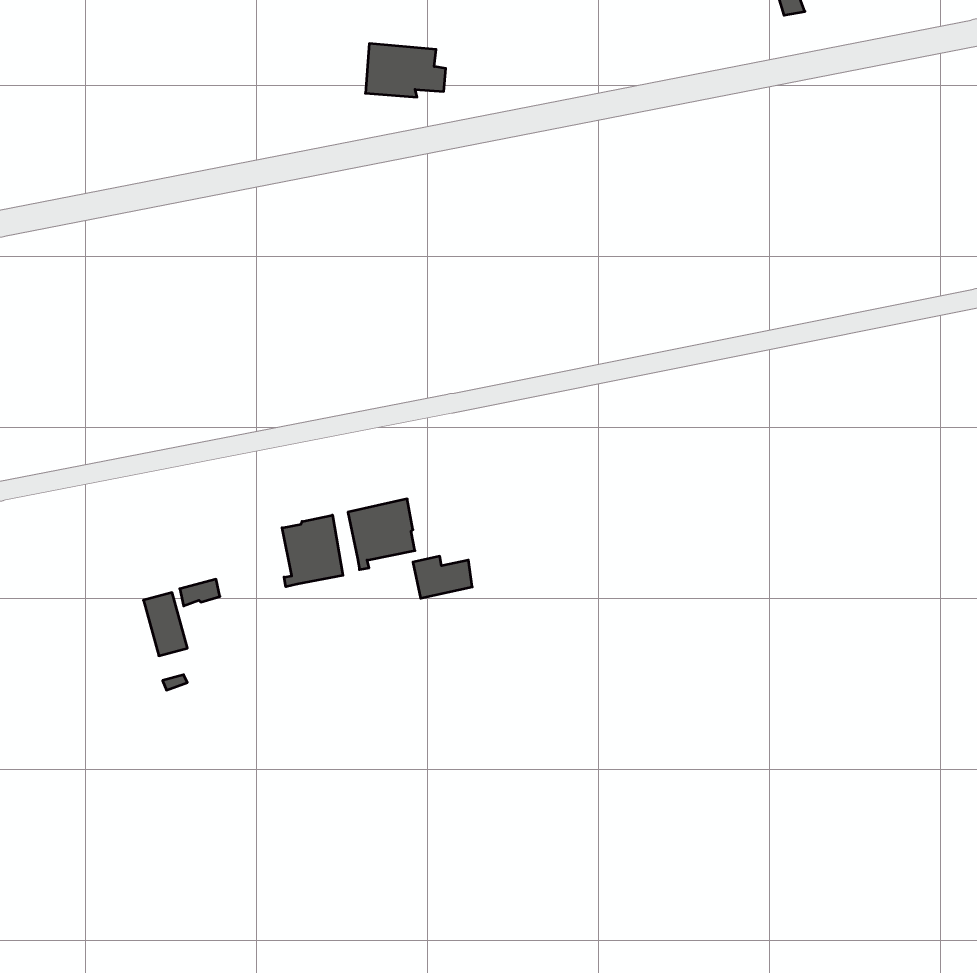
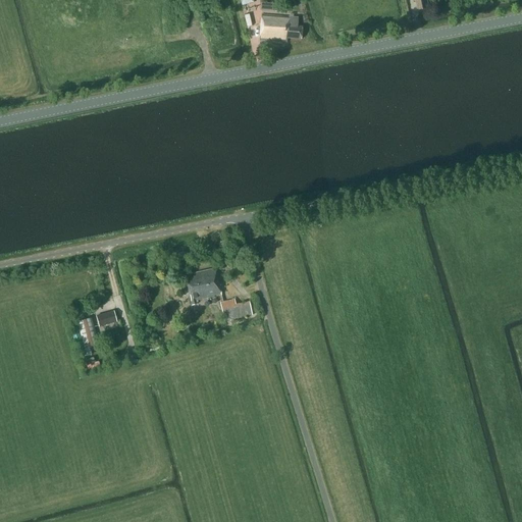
building: [365,44,446,97] -> [260,12,303,41]
building: [282,515,343,587] -> none

